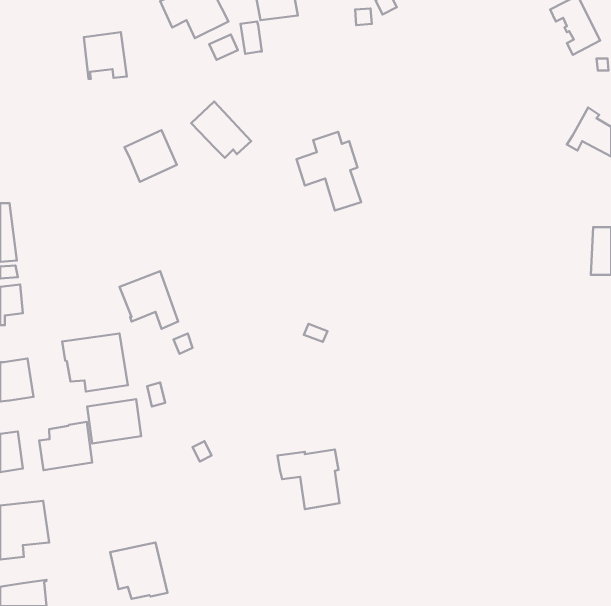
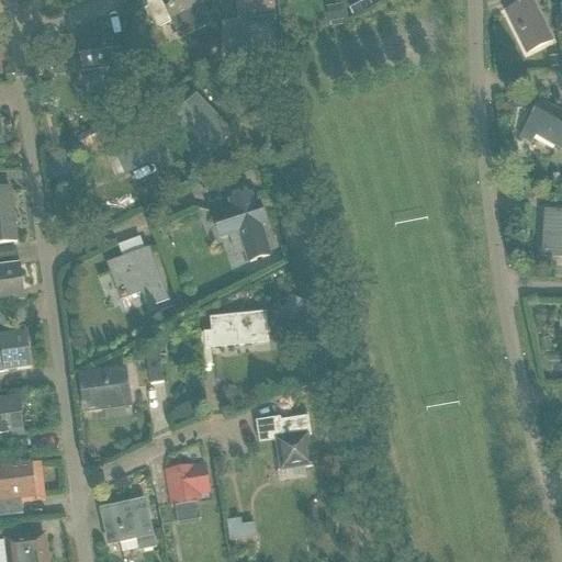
building: [296,132,361,211] -> [212,189,271,261]
building: [62,334,128,391] -> none
building: none -> [206,310,267,342]
building: [39,422,92,470] -> none
building: none -> [167,463,206,502]

